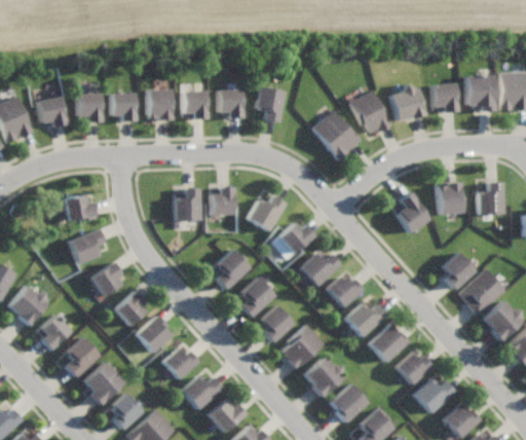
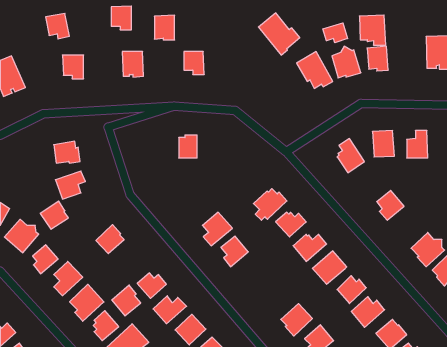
building: none -> [323,23,348,43]
building: [465,76,496,111] -> [359,15,386,45]
building: [255,86,284,122] -> none
building: [183,89,206,118] -> [154,15,175,40]
building: [112,93,136,120] -> [111,6,131,30]
building: [37,97,65,126] -> [46,13,69,39]
building: [312,109,361,158] -> [258,13,300,55]
building: [175,187,198,219] -> none
building: [247,196,284,230] -> none
building: [273,223,312,259] -> none
building: [213,248,250,288] -> none
building: [91,262,124,295] -> [40,201,68,229]
building: [458,267,505,315] -> none
building: [136,316,170,352] -> [112,285,141,316]
building: [283,325,326,369] -> none
building: [304,357,342,397] -> none

